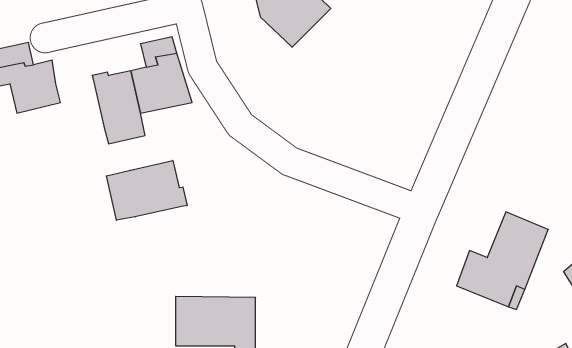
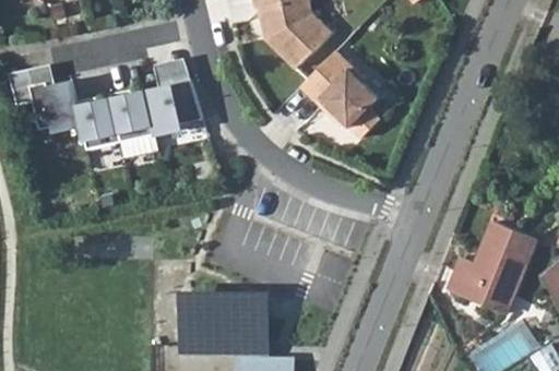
building: none -> [300,49,381,137]
building: none -> [75,97,120,149]
building: [106,160,187,220] -> none

